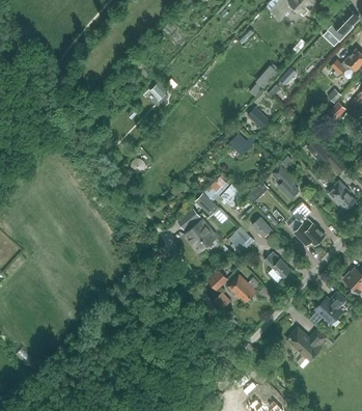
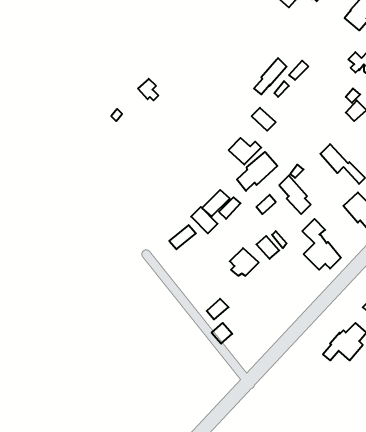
building: none -> [237,152,277,191]
building: [184,219,217,250] -> none
building: [264,251,291,281] -> none
building: [228,274,262,301] -> none
building: [288,327,327,360] -> none

